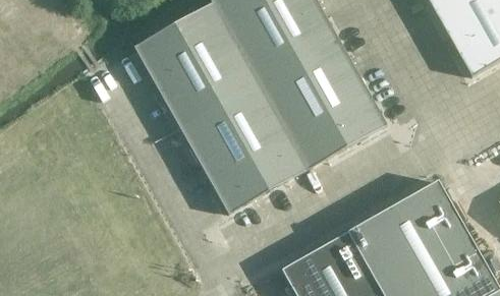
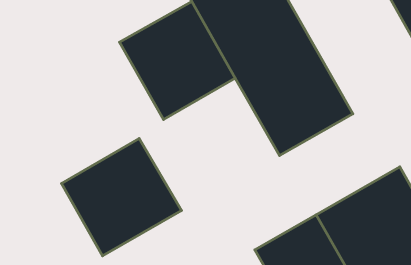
building: [182,84,308,213] -> none
building: none -> [62,138,181,256]

